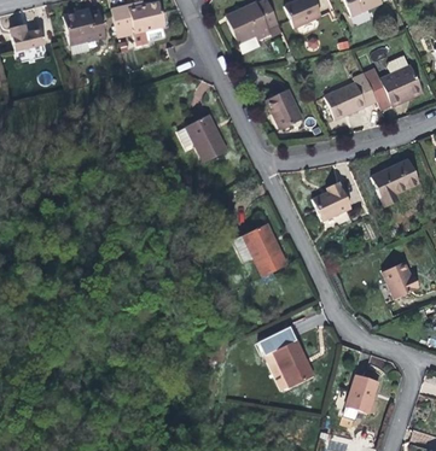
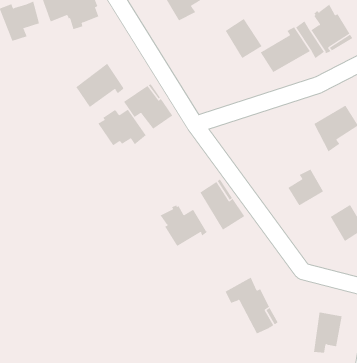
building: none -> [75,63,125,108]
building: [267,89,304,131] -> [225,18,262,59]
building: none -> [97,109,147,146]
building: [314,183,351,221] -> [288,169,324,206]
building: none -> [160,204,208,247]

